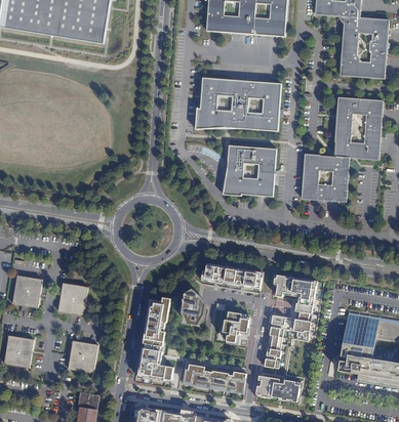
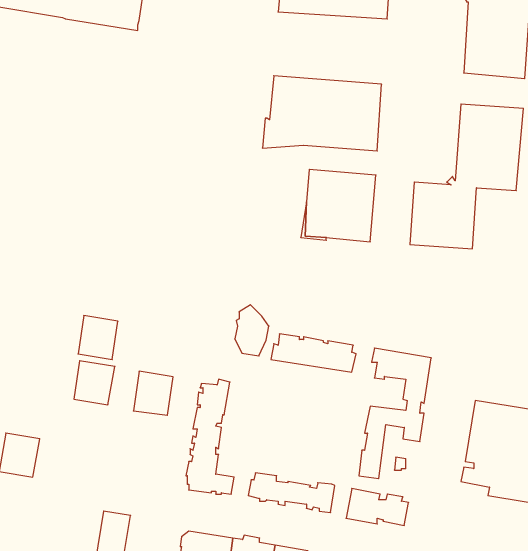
building: [12,276,41,307] -> [78,316,118,360]
building: [181,288,205,325] -> [235,305,269,356]
building: [223,311,248,342] -> none
building: [68,340,96,372] -> [133,371,173,415]

